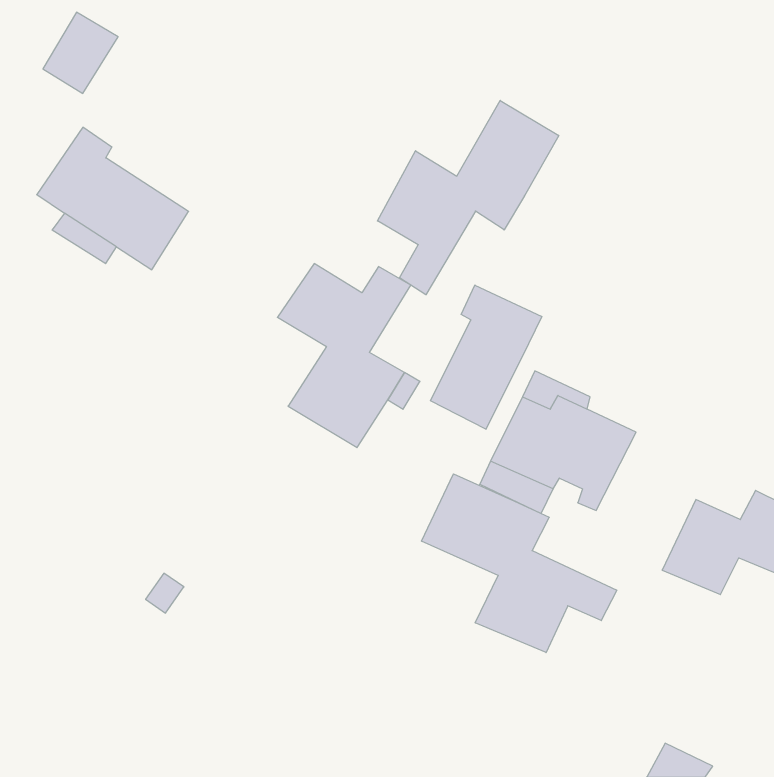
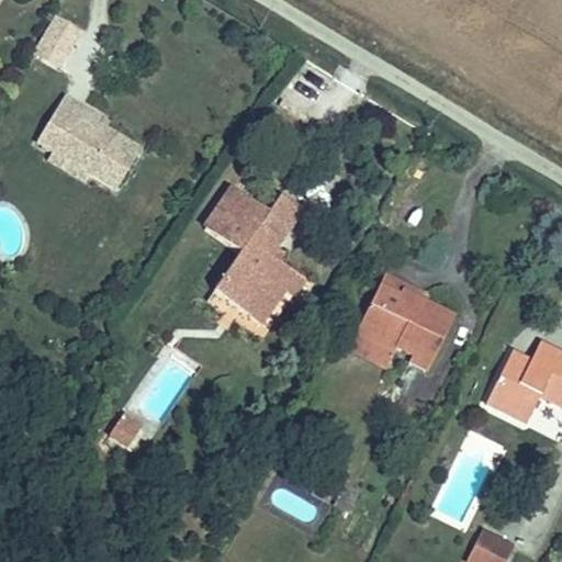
building: [377,100,559,295] -> none
building: [431,285,542,429] -> none
building: [422,474,617,653] -> none

